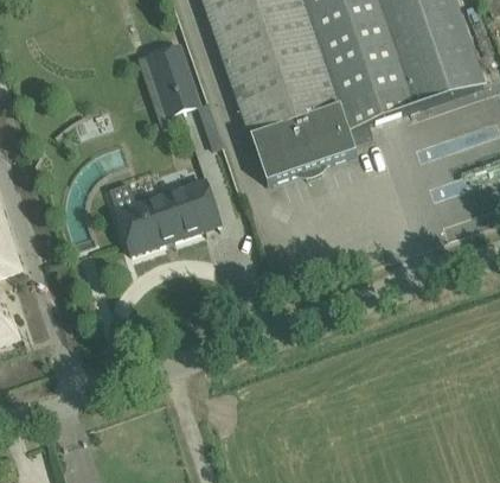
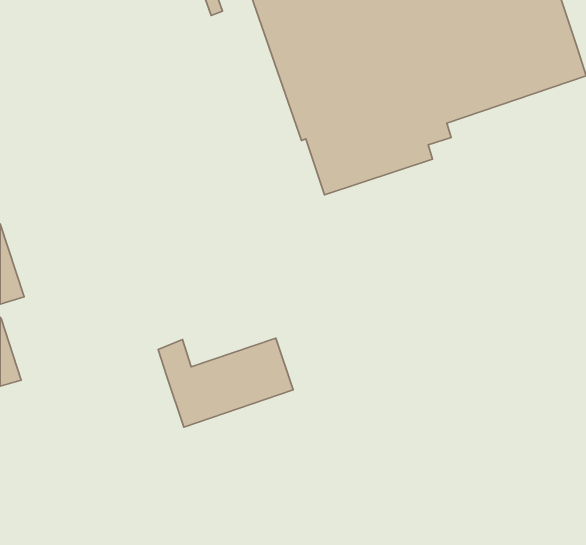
building: [146,44,204,120] -> none
building: [110,182,222,255] -> [158,338,293,427]

